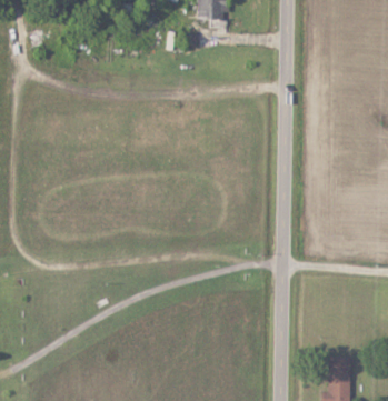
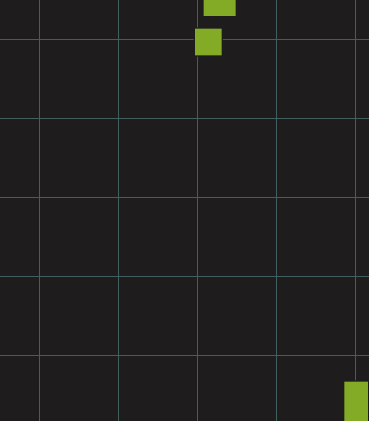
building: none -> [195,28,222,56]

